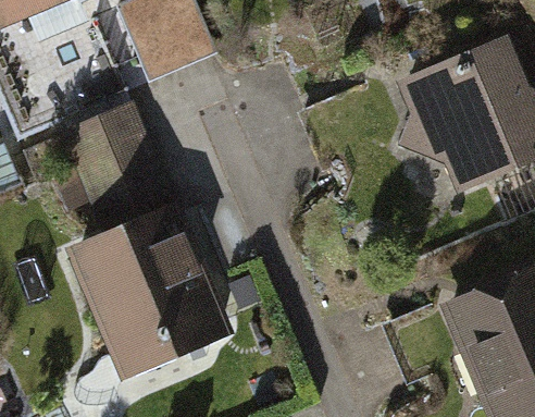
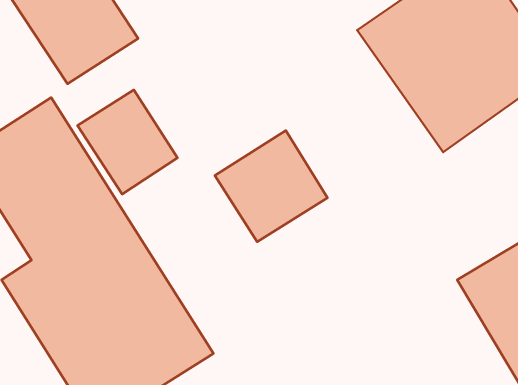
building: none -> [77,90,178,194]
building: none -> [215,131,328,242]

